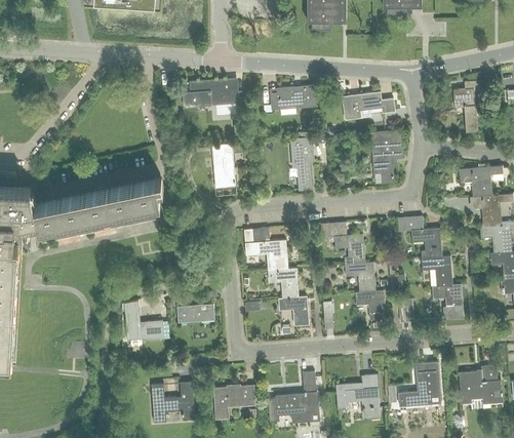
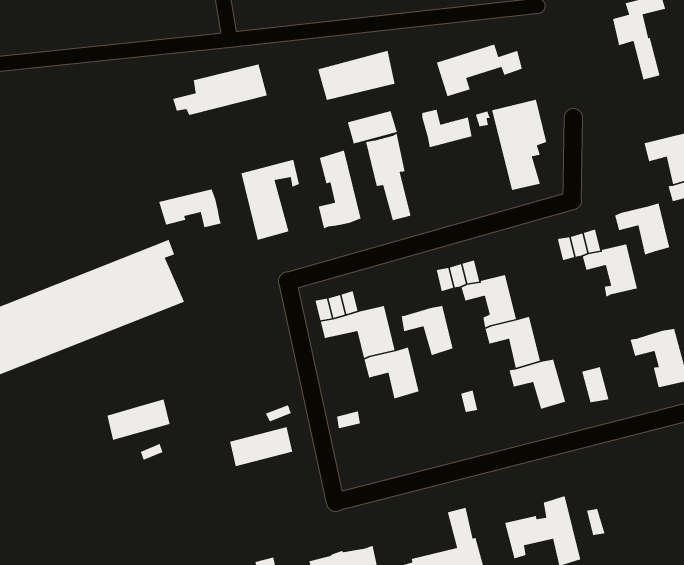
building: none -> [347,110,398,144]
building: none -> [421,109,473,148]
building: none -> [318,150,361,229]
building: none -> [158,188,222,228]
building: [421,254,451,285] -> [614,202,670,255]
building: [279,295,308,325] -> [401,305,454,356]
building: [125,319,163,340] -> [106,398,170,441]
building: [398,361,439,405] -> none

